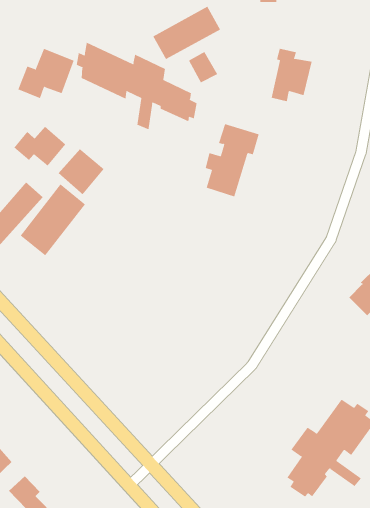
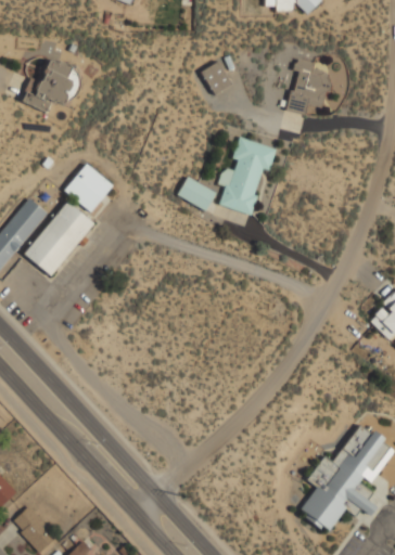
building: [152,6,221,60] -> none
building: [76,42,197,130] -> none
building: [14,126,66,166] -> none
building: none -> [177,176,216,209]

